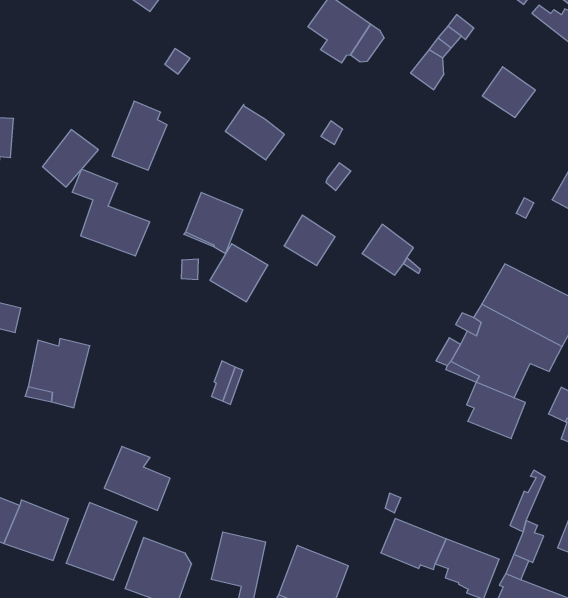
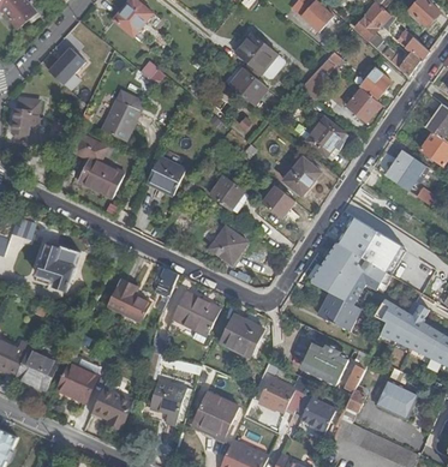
building: none -> [358,67,390,100]
building: [225,104,284,160] -> [229,67,268,104]
building: none -> [305,118,347,160]
building: [42,130,98,187] -> [48,48,85,85]
building: none -> [282,157,321,194]
building: [210,244,268,302] -> [209,226,247,264]
building: none -> [172,291,220,335]
building: none -> [220,313,263,355]
building: [104,446,170,510] -> [107,277,150,321]
building: none -> [300,343,347,383]

